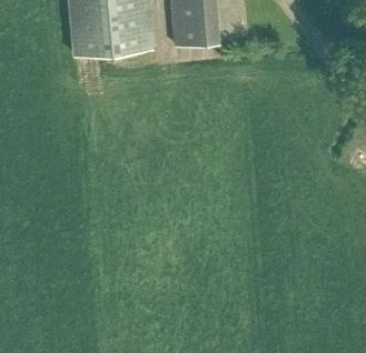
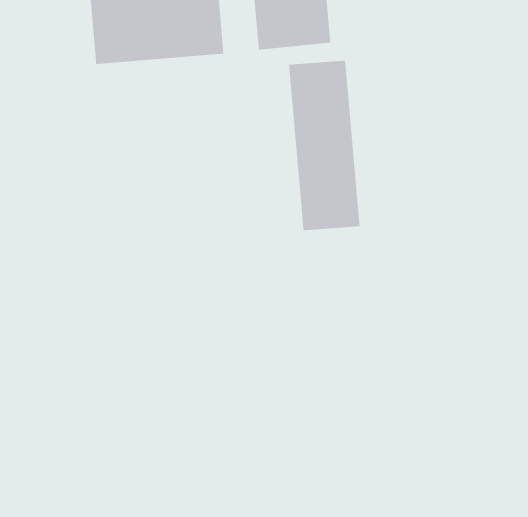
building: none -> [288,60,360,231]

